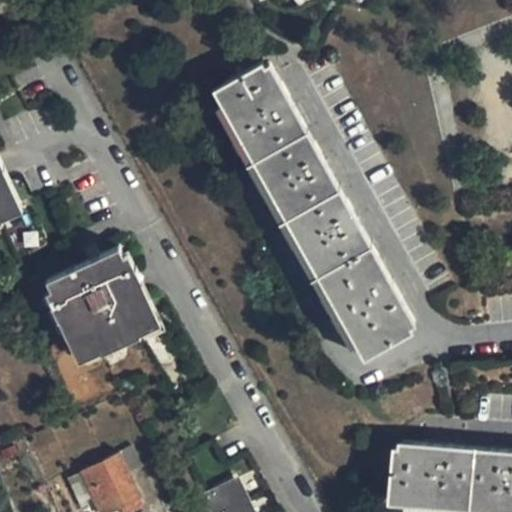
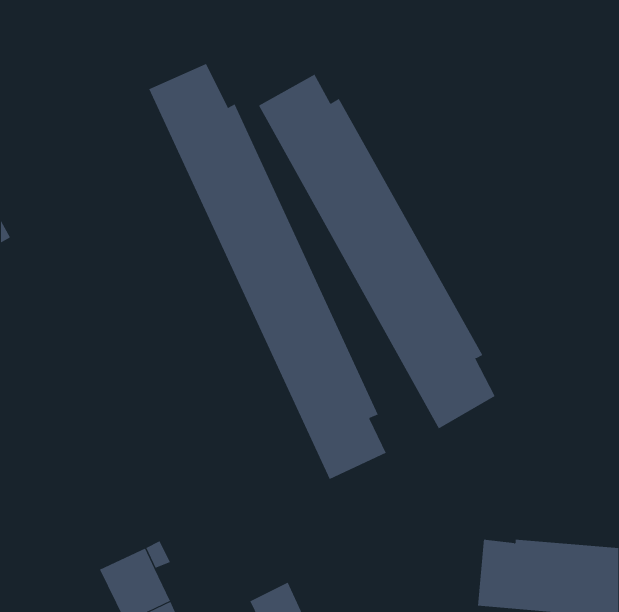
building: none -> [148,63,386,480]
building: [41,248,147,351] -> none

